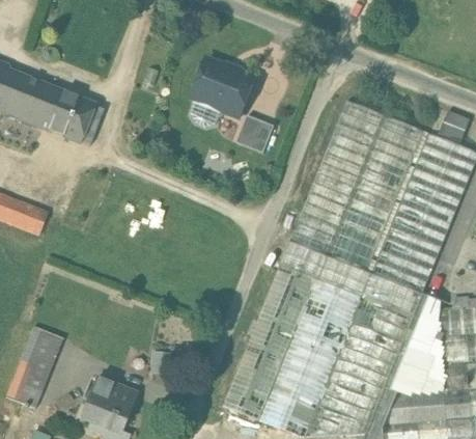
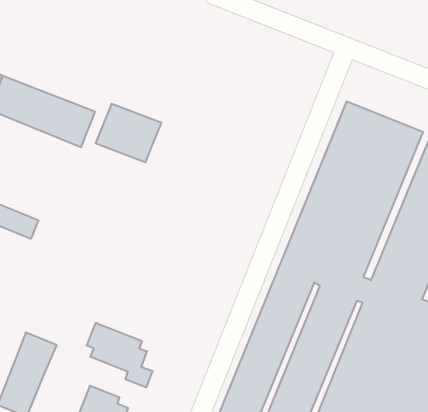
building: [192,59,256,116] -> [95,104,161,162]
building: [237,115,275,153] -> none
building: none -> [87,323,153,387]

